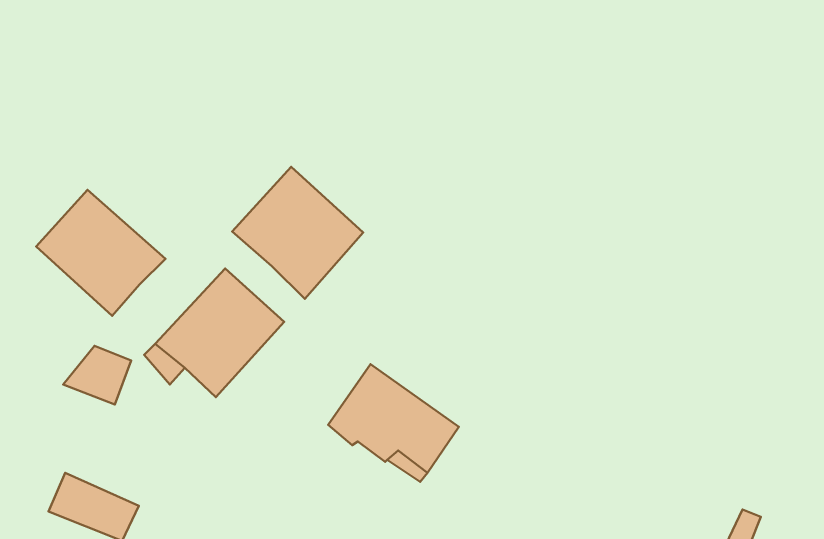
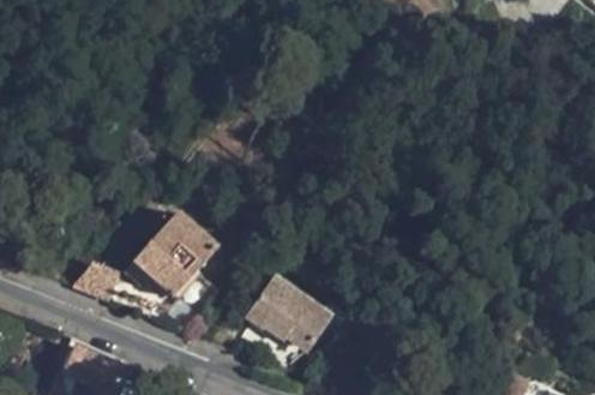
building: [232,167,363,299] -> none
building: [36,190,165,316] -> none

